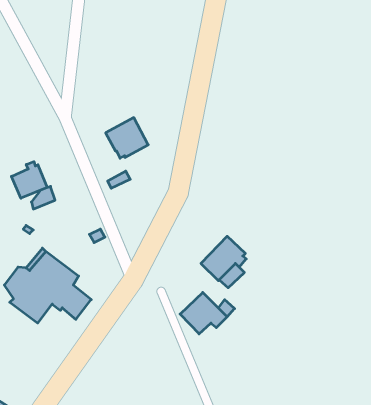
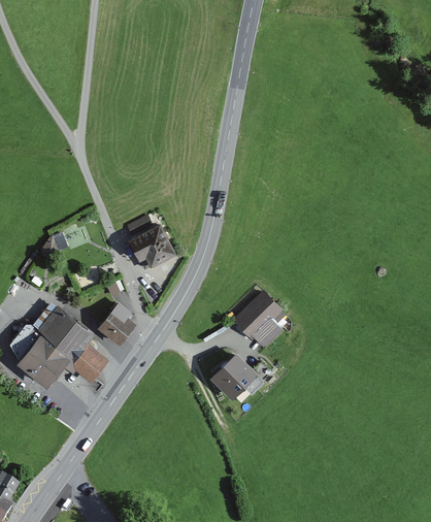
building: [106,118,148,158] -> [127,223,175,269]
building: [11,162,47,198] -> none
building: none -> [96,301,134,345]

